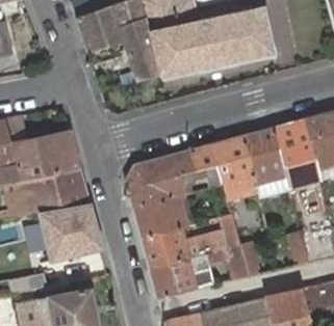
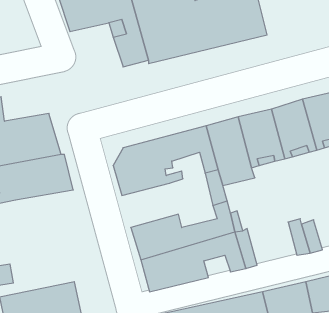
building: [133,196,186,238] -> none
building: [33,202,100,264] -> none

